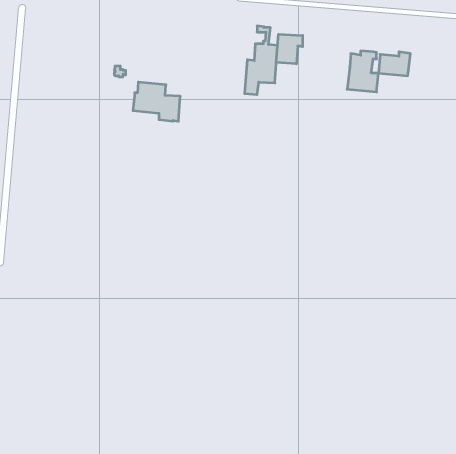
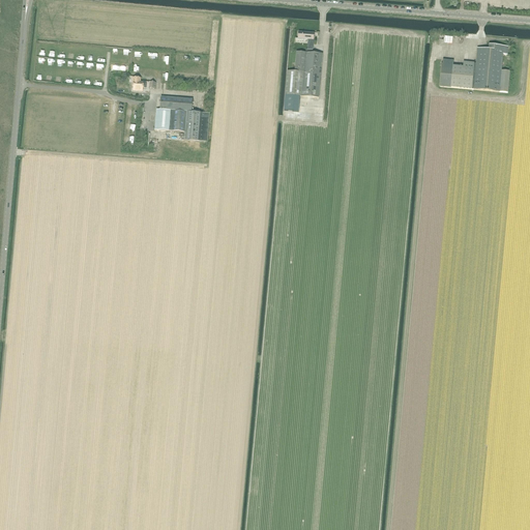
building: [276,34,303,64] -> none
building: [347,51,378,92] -> [473,43,509,91]

